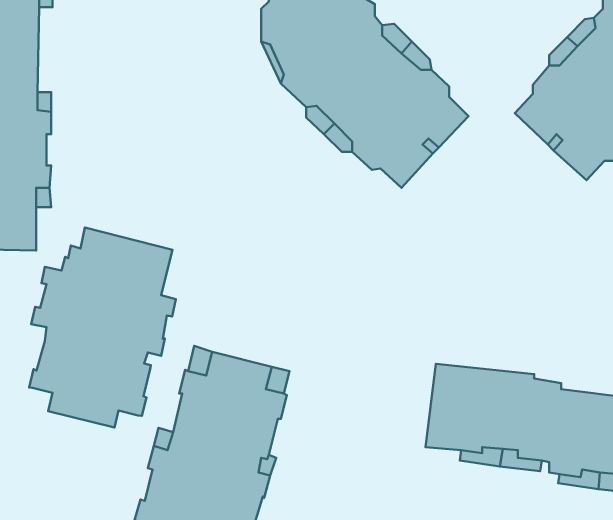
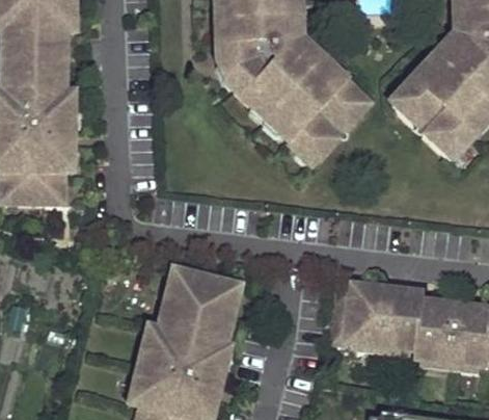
building: [29,228,176,428] -> none

